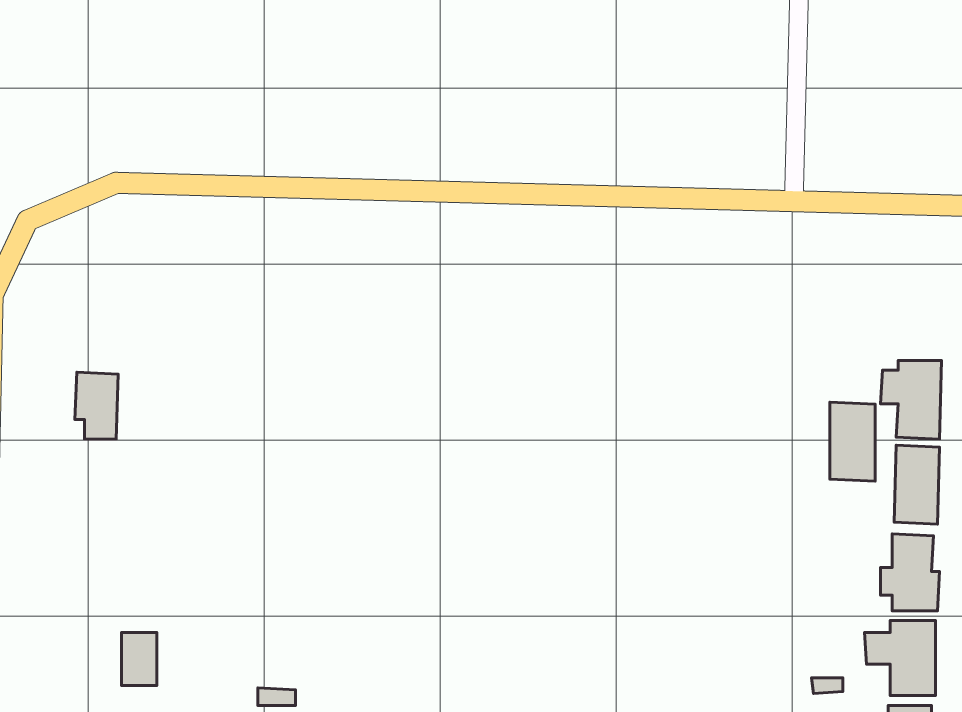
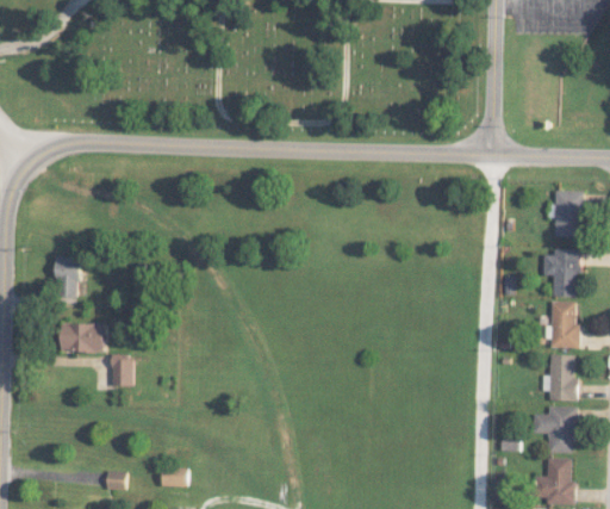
building: [830,402,875,481] -> [554,190,581,237]
building: none -> [62,323,106,352]
building: [121,632,157,686] -> [112,354,133,386]

